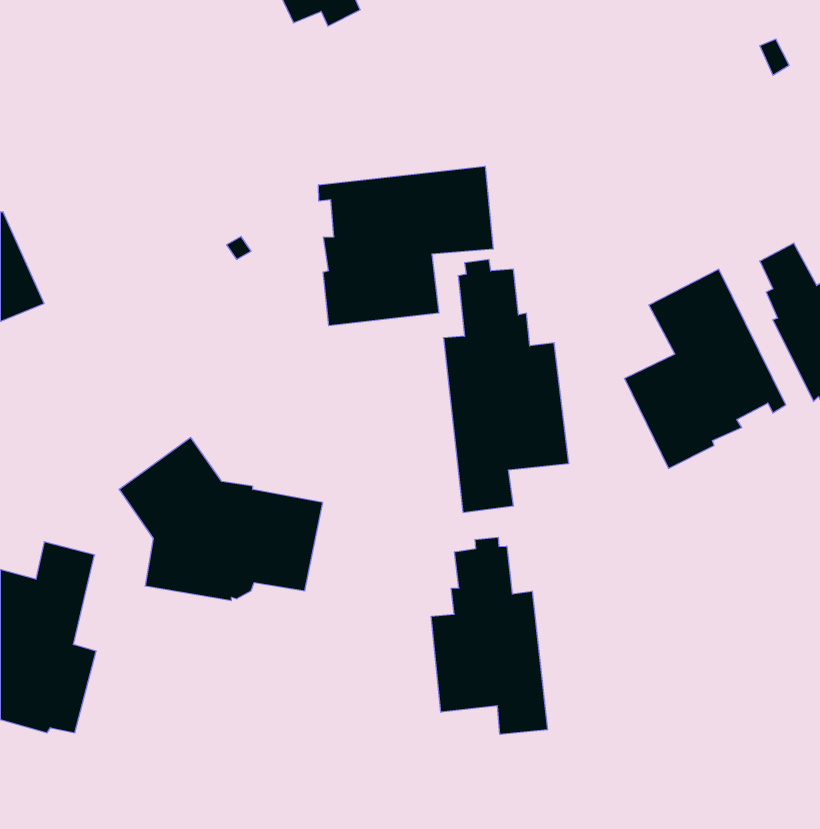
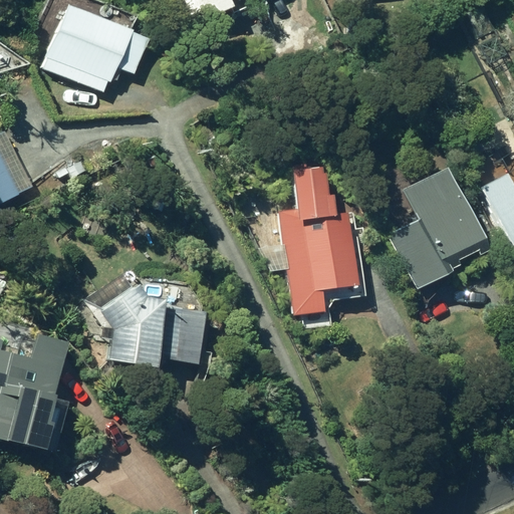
building: none -> [44,4,149,90]
building: [319,166,493,326] -> none
building: [431,537,548,734] -> none

